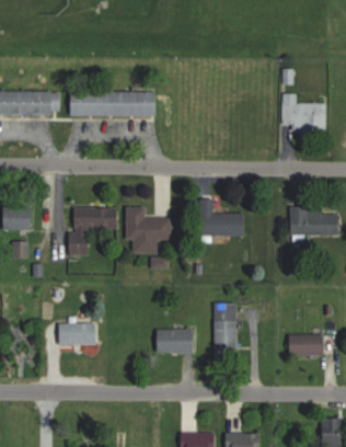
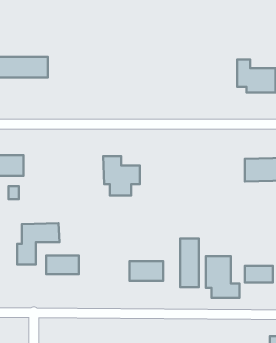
building: [70,91,158,116] -> none
building: [200,198,244,236] -> none
building: [68,207,117,255] -> [17,223,59,265]
building: none -> [206,256,239,298]

